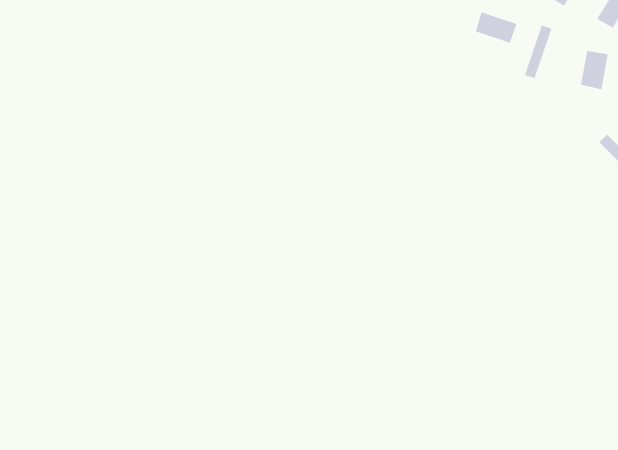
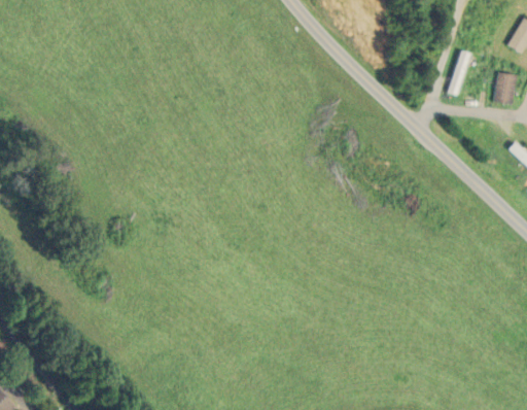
building: [475,11,517,44] -> none

